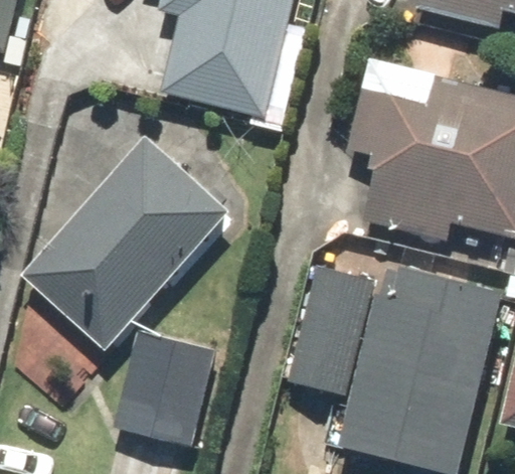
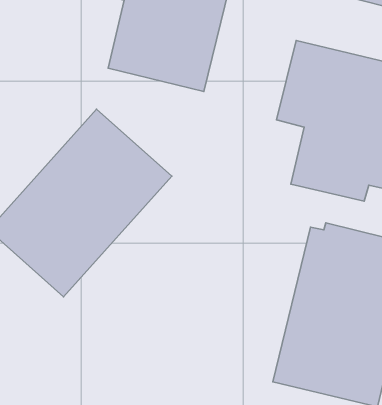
building: [288,267,372,392] -> none
building: [107,327,218,447] -> none

